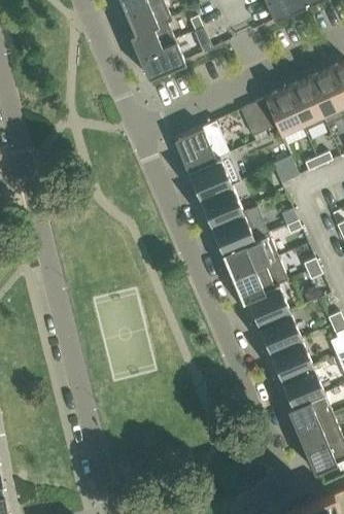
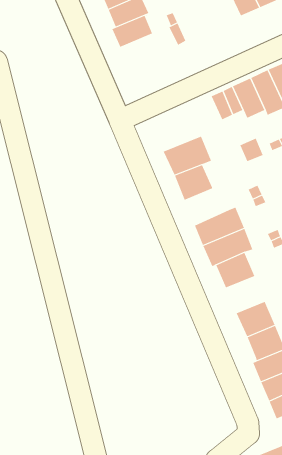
building: [138,39,184,76] -> none
building: [173,121,230,171] -> none
building: [210,206,268,253] -> none
building: [256,310,301,351] -> none

